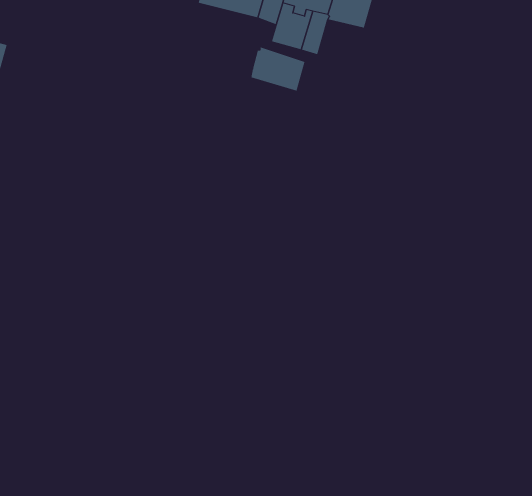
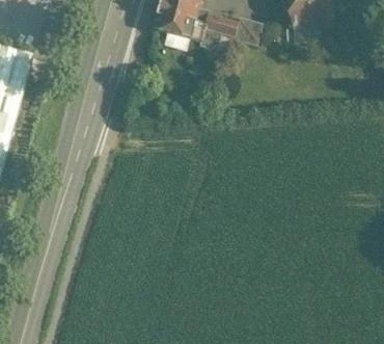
building: [251,46,305,92] -> none

